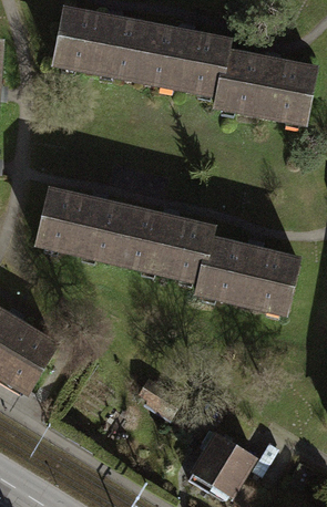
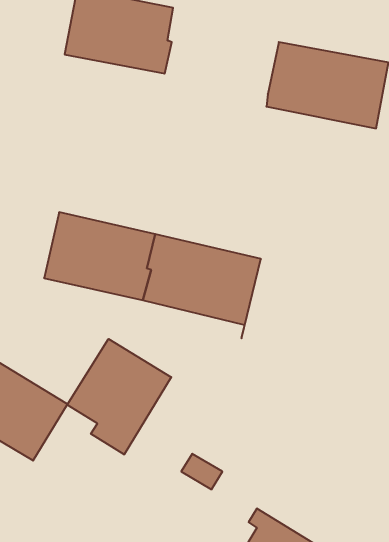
building: [135,25,228,95] -> none
building: [197,228,298,312] -> none
building: none -> [67,339,171,455]

